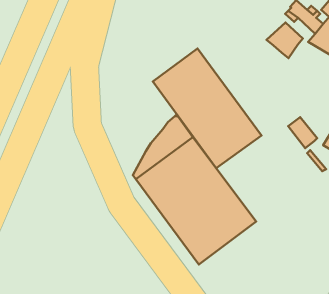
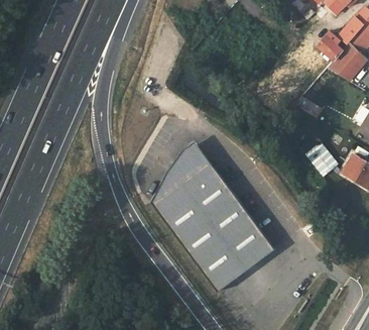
building: [266,22,303,58] -> none
building: [153,49,262,168] -> none

